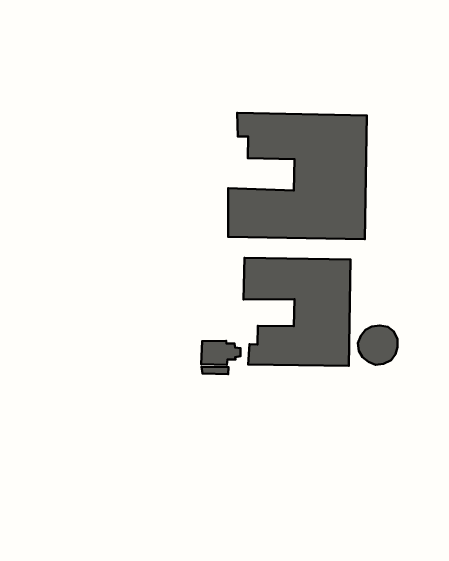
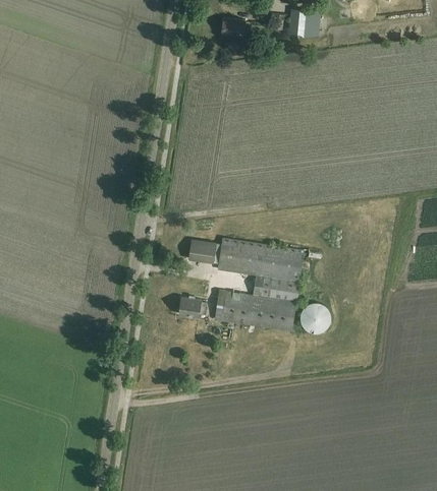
building: [228,113,367,239] -> none
building: none -> [188,239,215,262]

